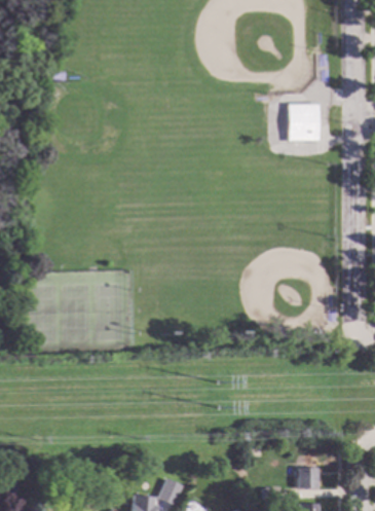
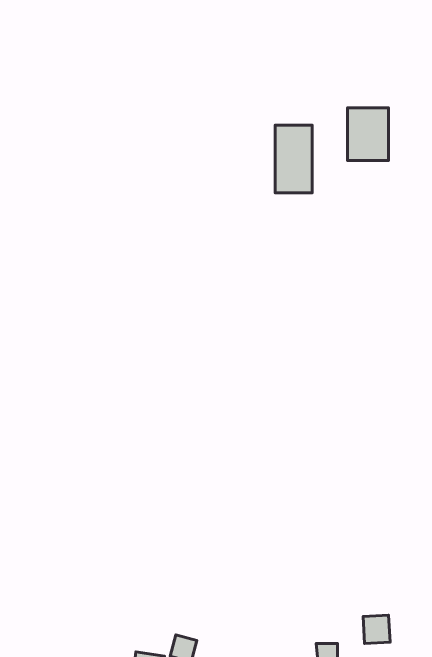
building: none -> [275,125,312,193]

